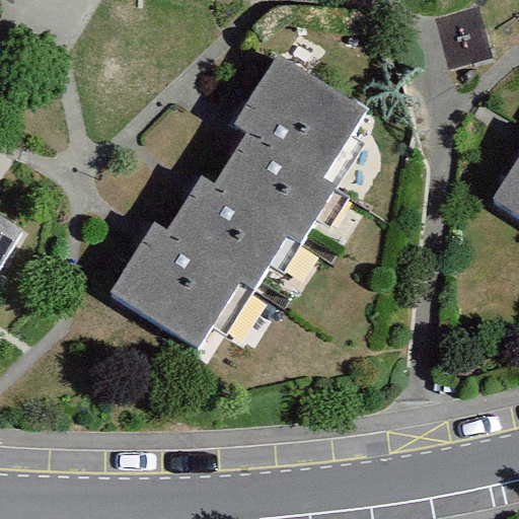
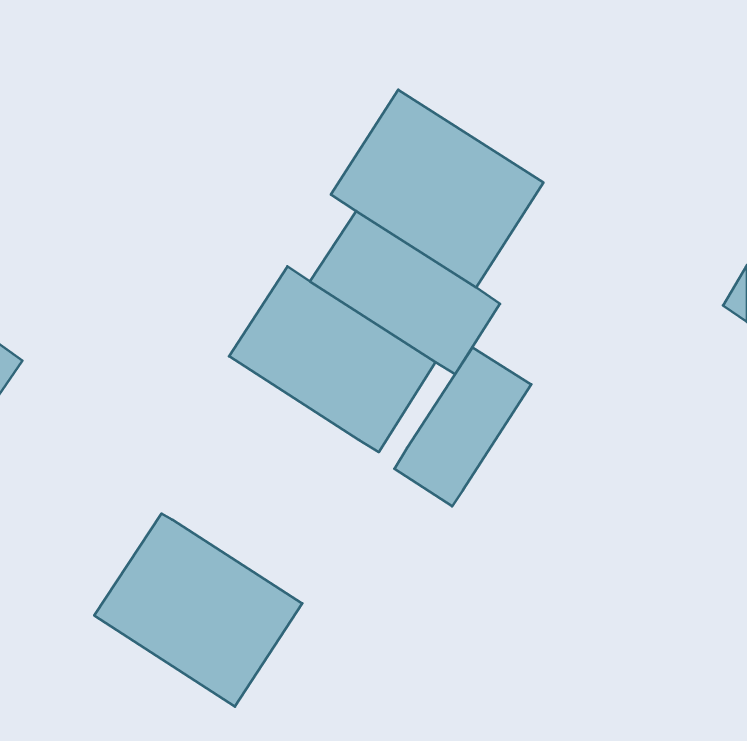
building: none -> [394,347,531,506]
building: [102,237,243,368] -> [94,514,302,707]

